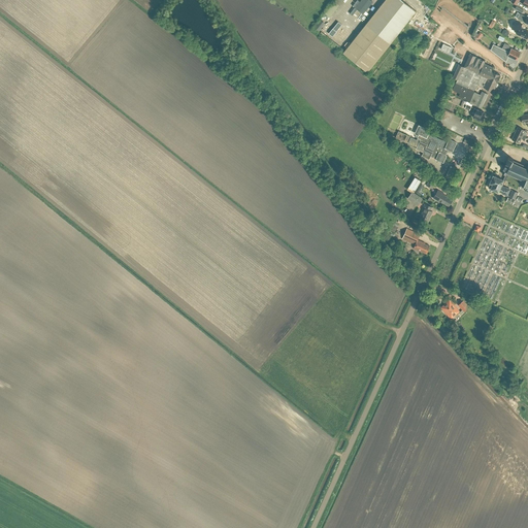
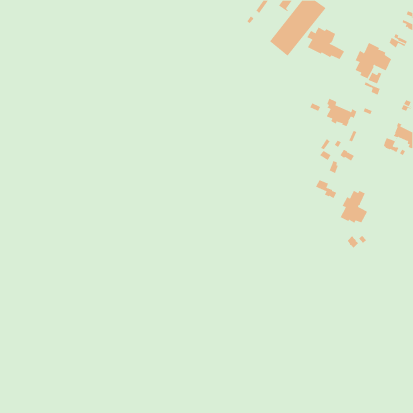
building: none -> [306,27,345,60]
building: none -> [340,190,368,223]

